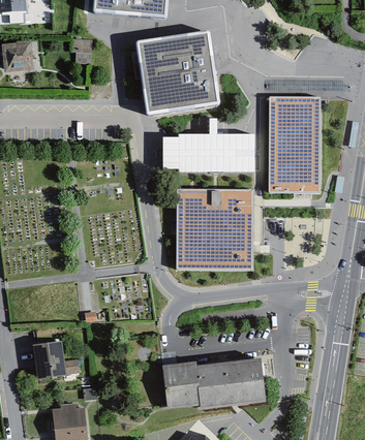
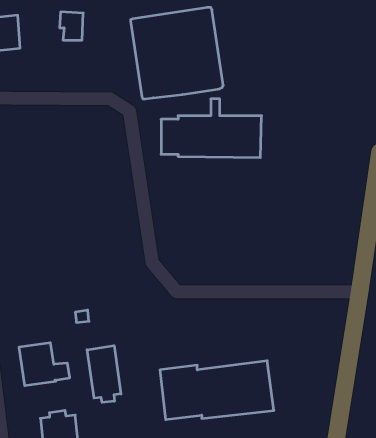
building: [269,96,320,192] -> none
building: [176,188,252,269] -> none
building: none -> [87,346,121,402]

